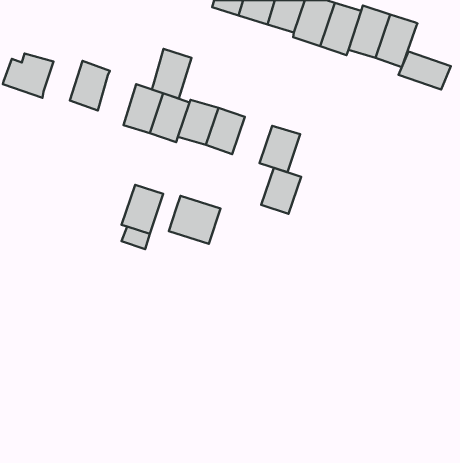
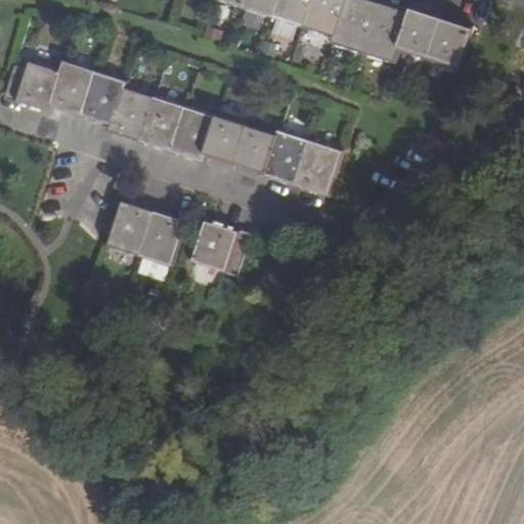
building: [152,49,192,99] -> [108,85,154,141]
building: [399,52,451,90] -> none
building: none -> [49,58,93,114]
building: [261,168,301,214] -> [262,132,307,184]
building: none -> [108,200,152,254]

